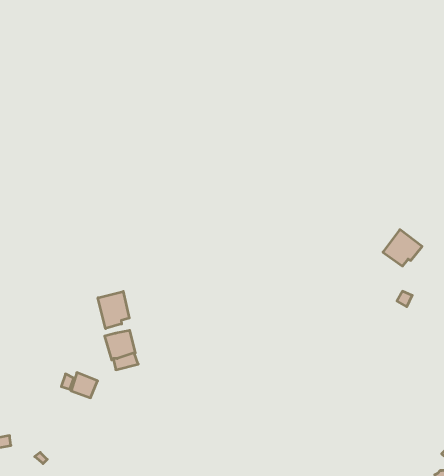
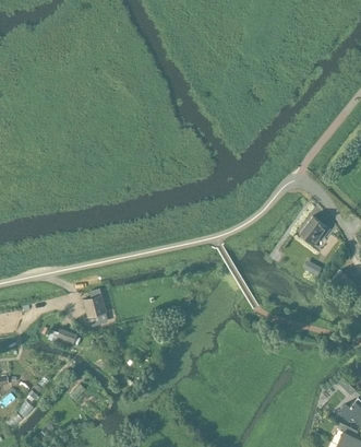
building: [98,291,129,329] -> none

